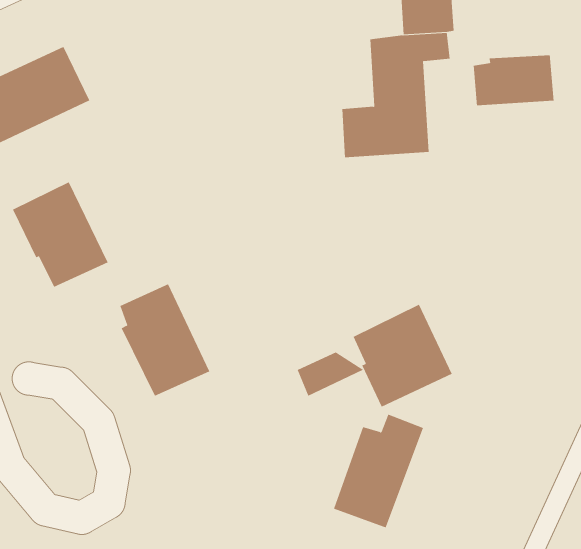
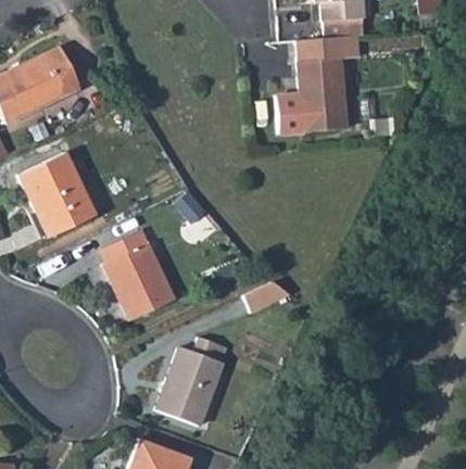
building: [473,55,554,106] -> none
building: [353,304,453,408] -> none
building: [333,414,424,528] -> [158,337,228,426]

